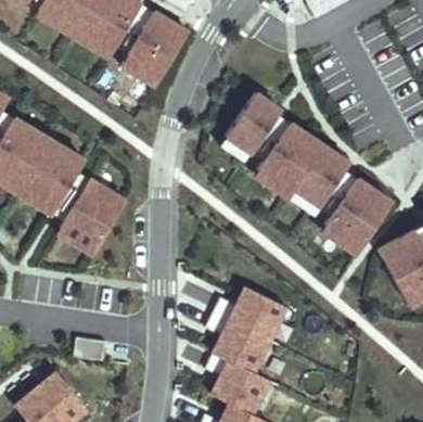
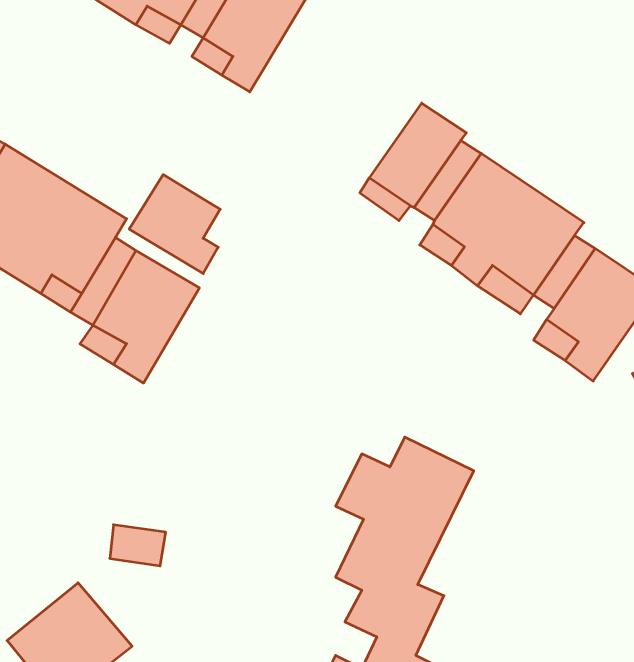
building: none -> [129,175,220,274]

